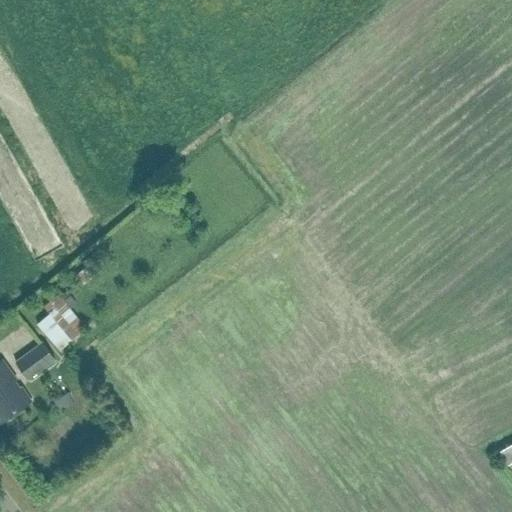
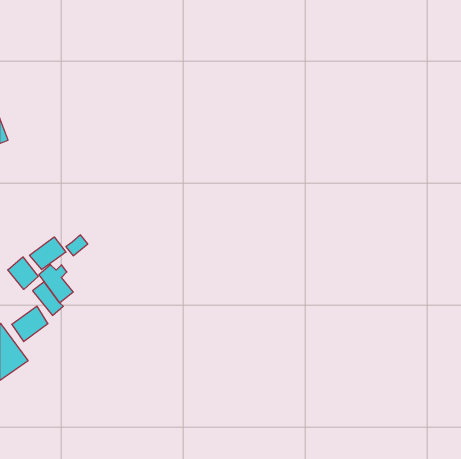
building: none -> [30,237,66,270]
building: none -> [8,257,38,289]

